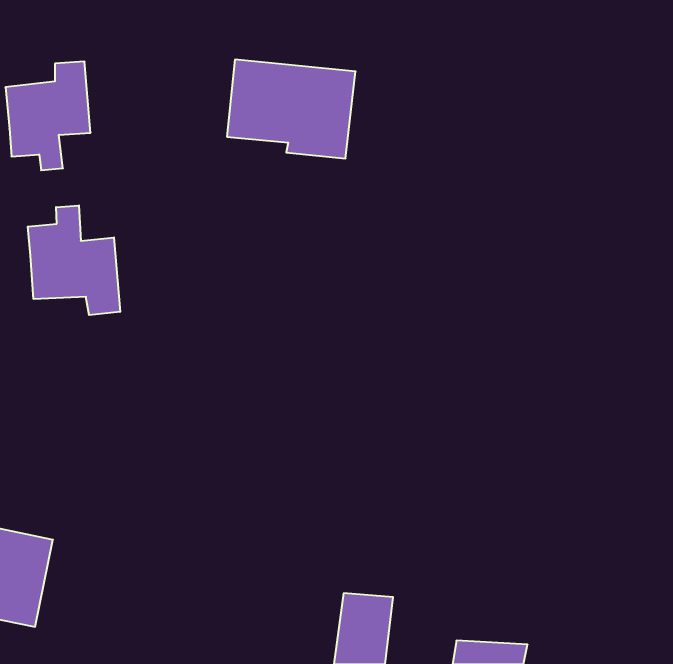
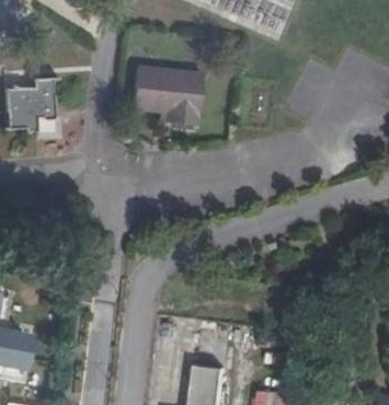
building: [28,205,120,315] -> none

